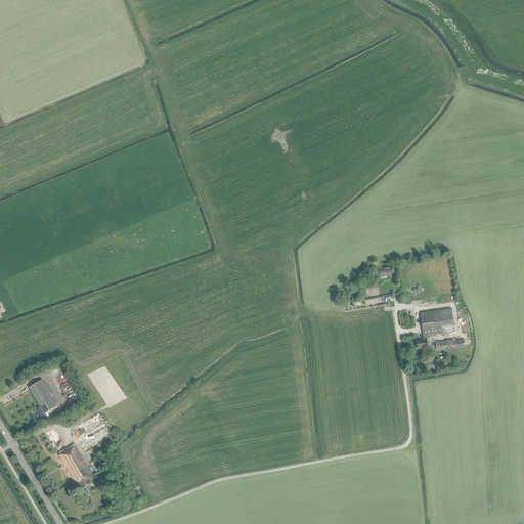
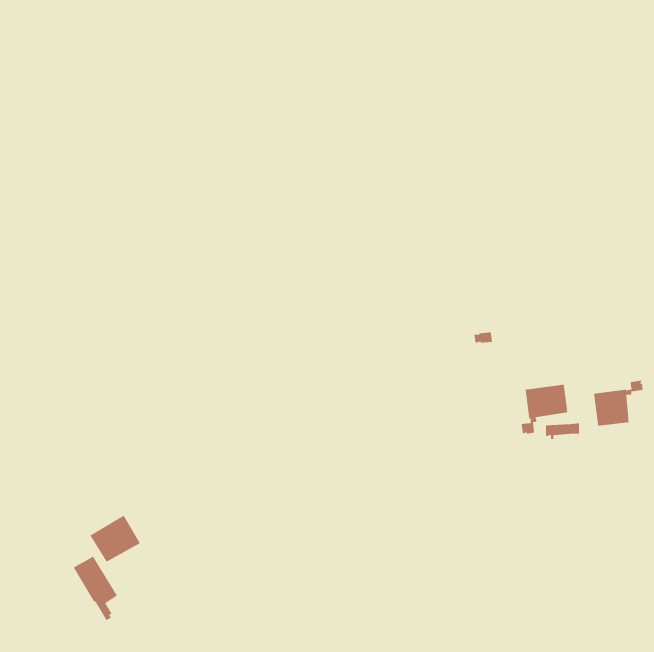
building: none -> [593,380,643,427]
building: [29,378,57,412] -> none

